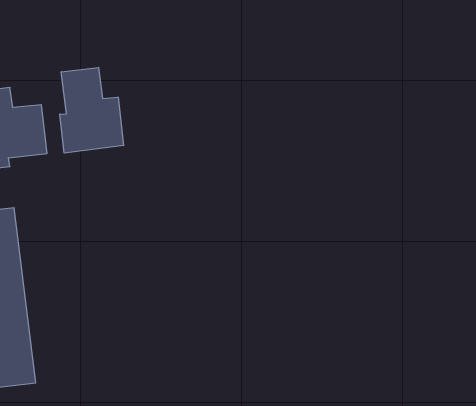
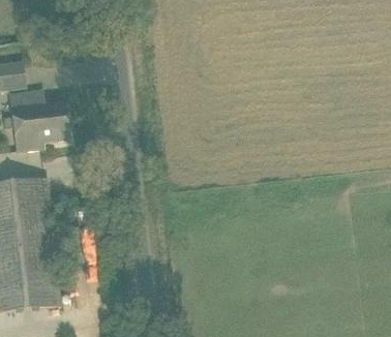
building: [60,67,123,153] -> none

